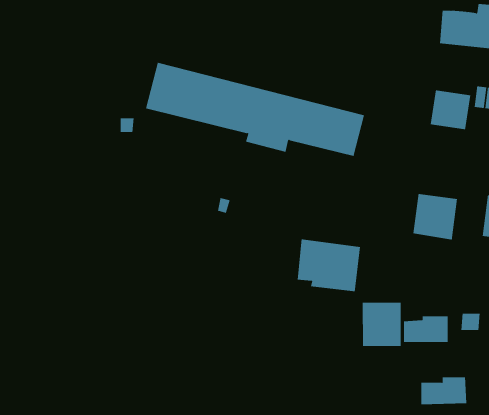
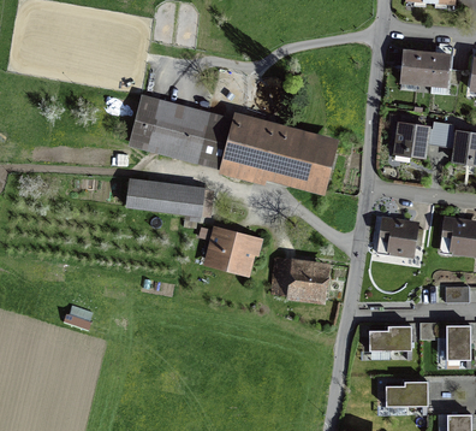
building: none -> [125,183,203,218]
building: none -> [209,229,260,271]
building: [362,302,401,347] -> none

